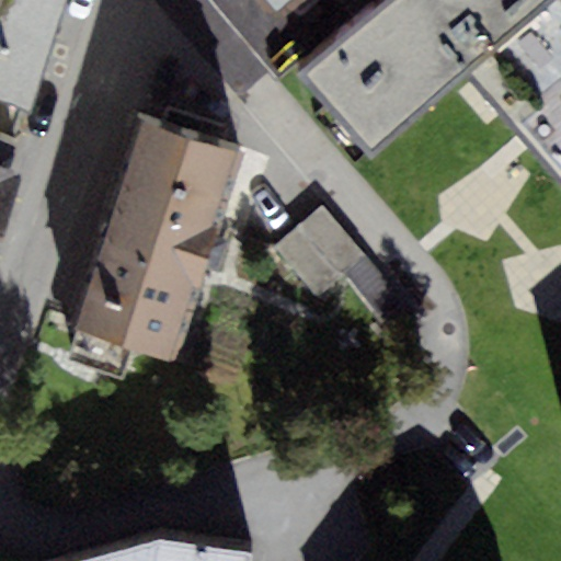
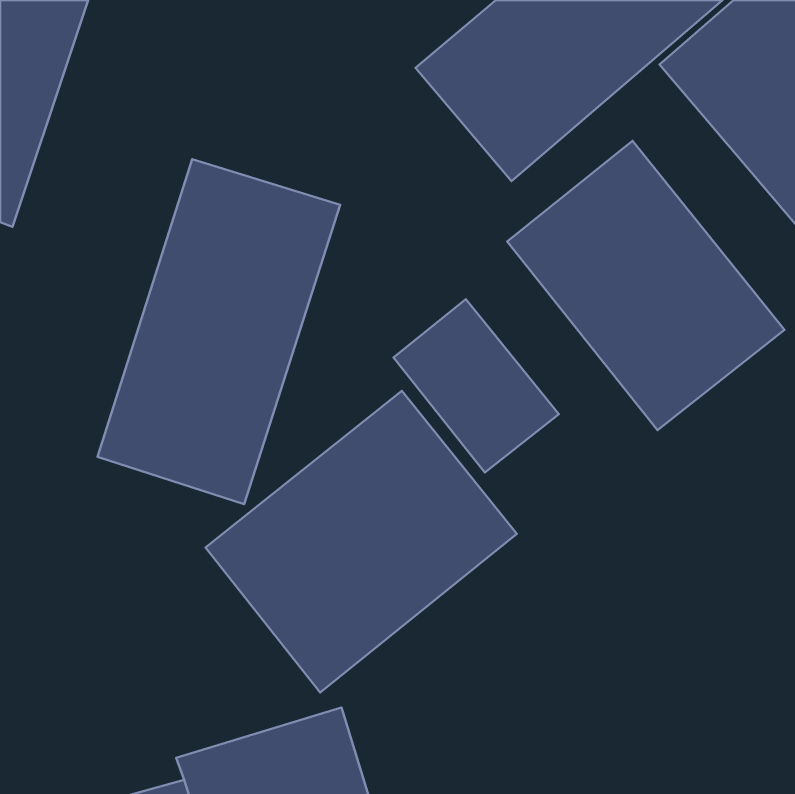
building: none -> [507,141,784,430]
building: none -> [205,391,517,692]

